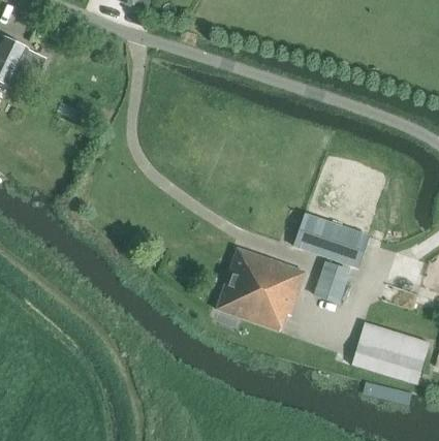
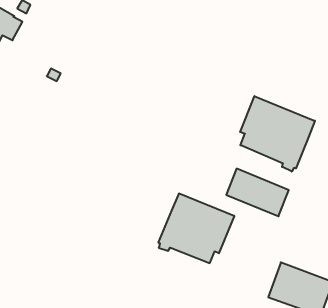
building: none -> [240,96,315,172]
building: [314,261,350,303] -> none

